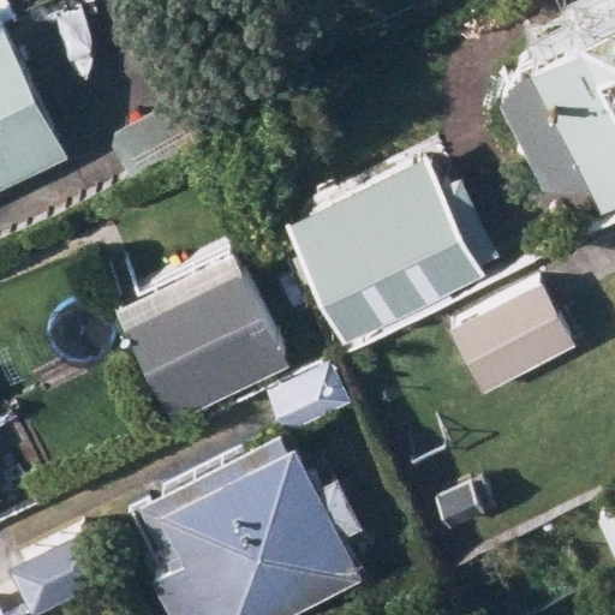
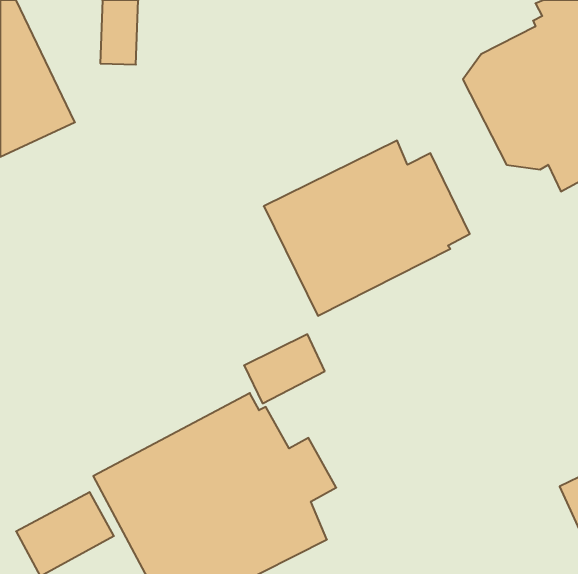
building: [111,247,287,424] -> none
building: [448,283,577,402] -> none

